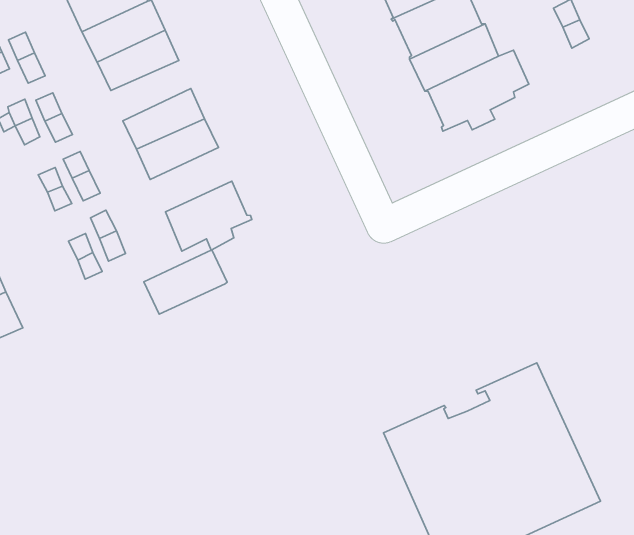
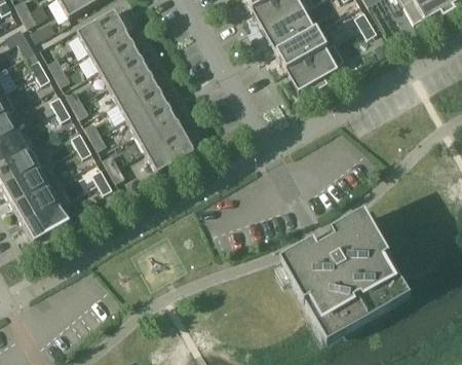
building: none -> [108,63,153,100]
building: [144,250,227,314] -> [134,110,182,149]

